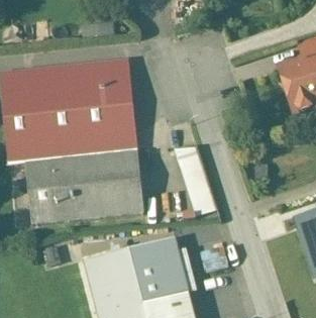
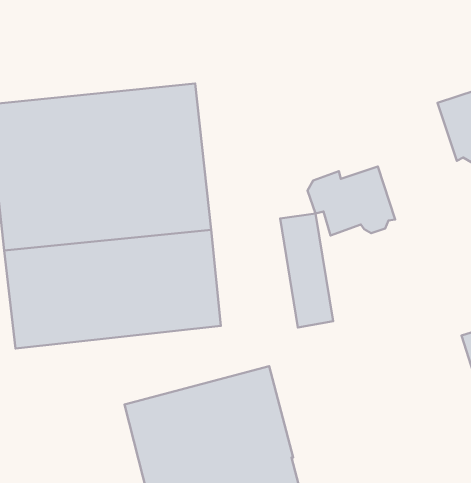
building: none -> [307,167,395,236]

